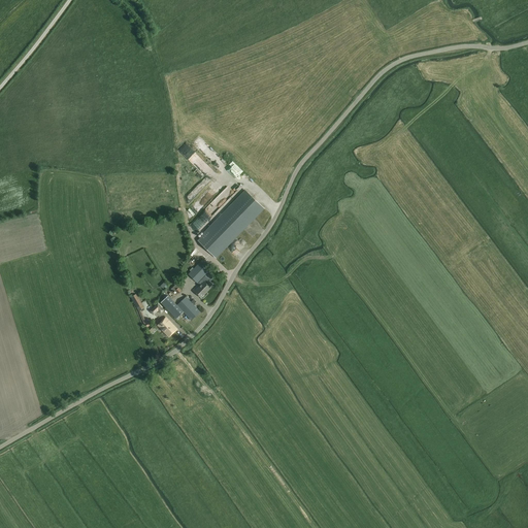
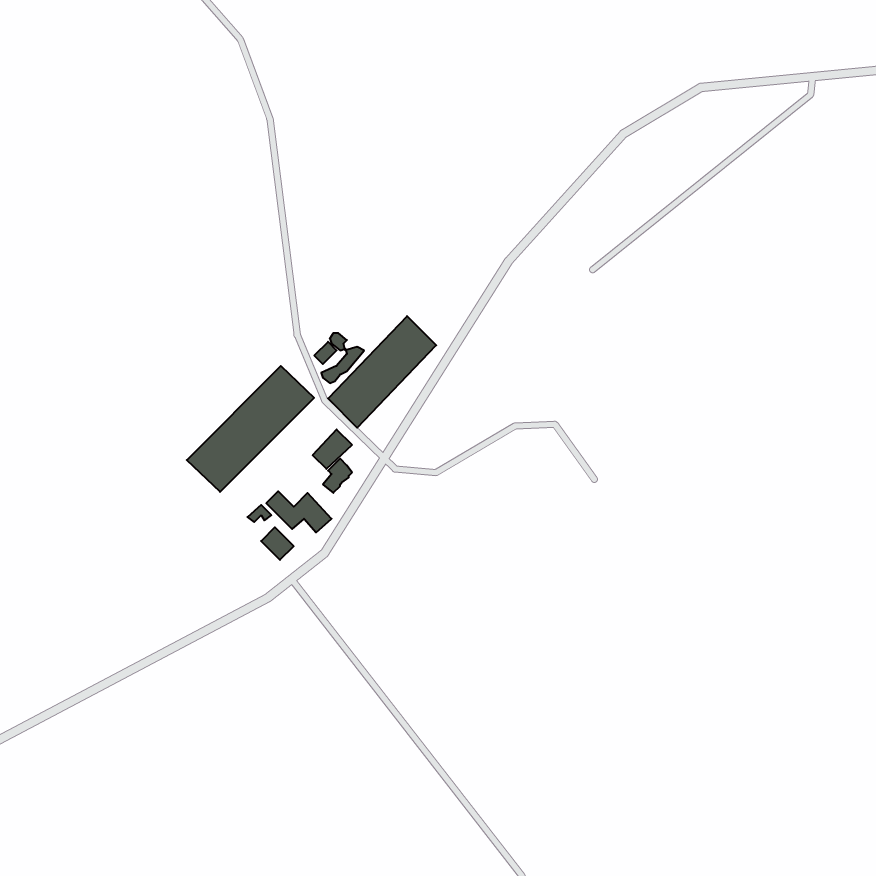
building: none -> [187,366,314,492]

